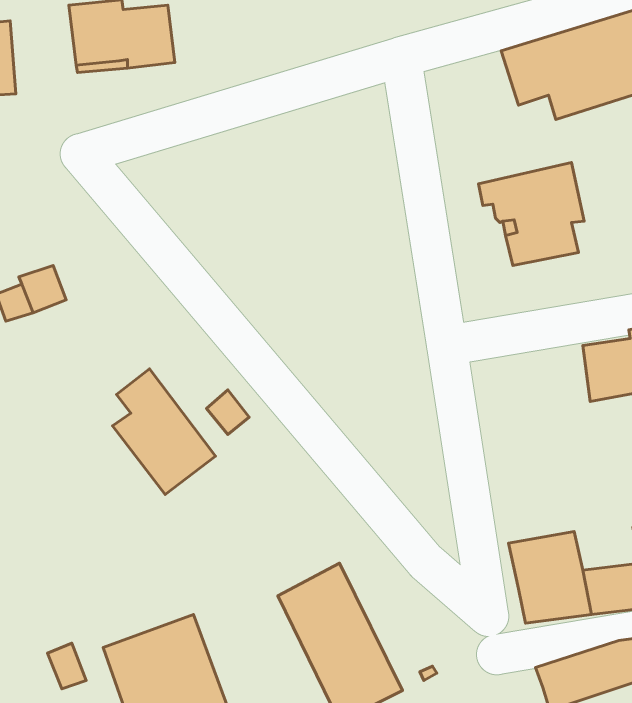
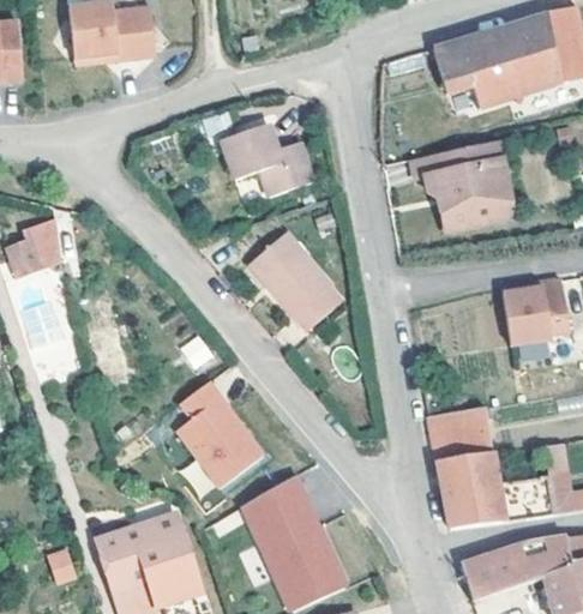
building: none -> [223,122,313,193]
building: none -> [241,228,329,324]
building: [112,369,215,495] -> [181,385,268,490]
building: none -> [427,405,492,459]

